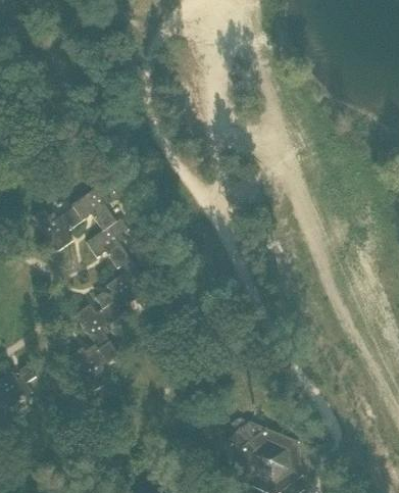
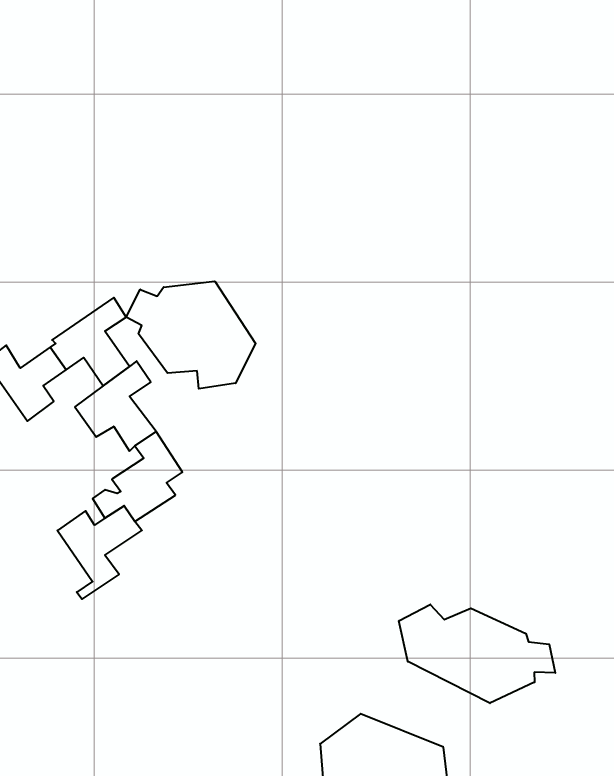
building: none -> [126,281,256,389]
building: [67,340,117,389] -> none
building: none -> [399,604,555,703]

